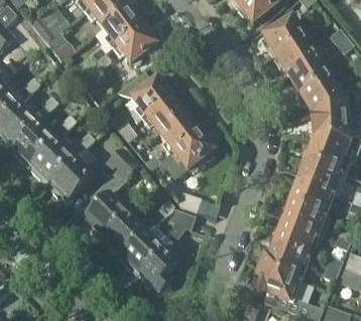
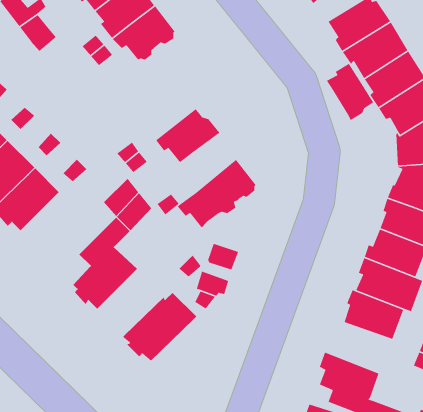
building: none -> [326,63,374,121]
building: [116,70,170,121] -> none
building: [159,113,199,154] -> none
building: [47,154,101,201] -> none
building: [102,207,148,254] -> none
building: [138,243,179,292] -> none
building: [260,245,308,280] -> none

